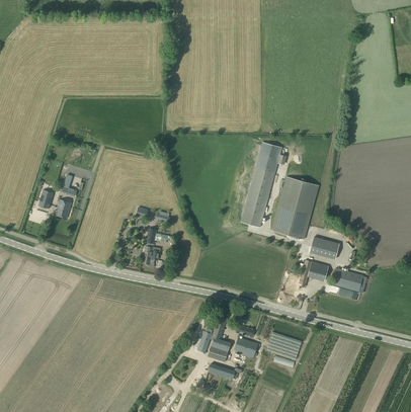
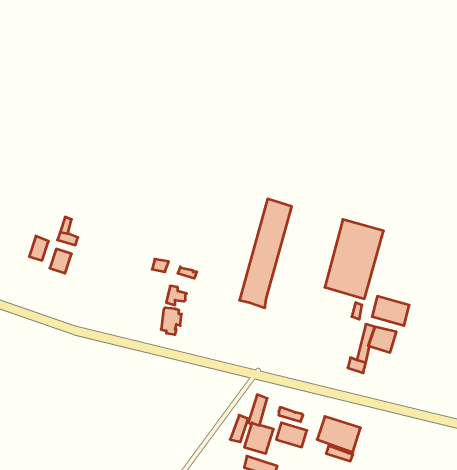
building: [240,142,281,228] -> [239,199,292,308]
building: [331,267,363,292] -> none

